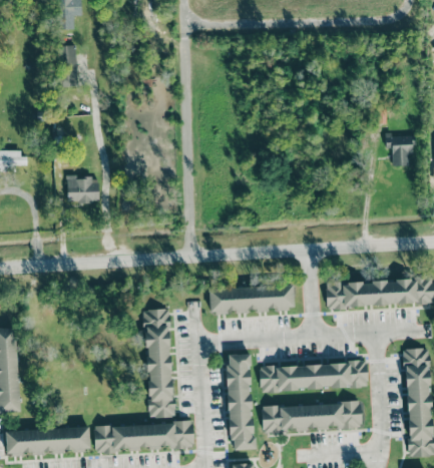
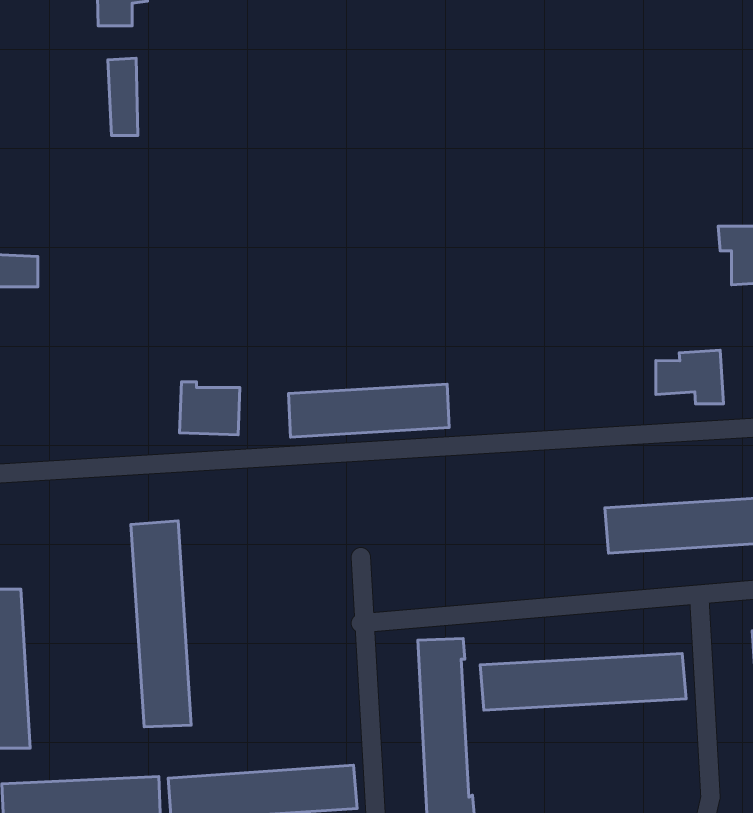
building: [68,175,100,203] -> [179,382,240,435]
building: none -> [656,350,724,404]
building: [209,285,295,313] -> [288,384,449,437]
building: [143,309,175,418] -> [131,521,191,727]
building: [262,401,362,433] -> none

